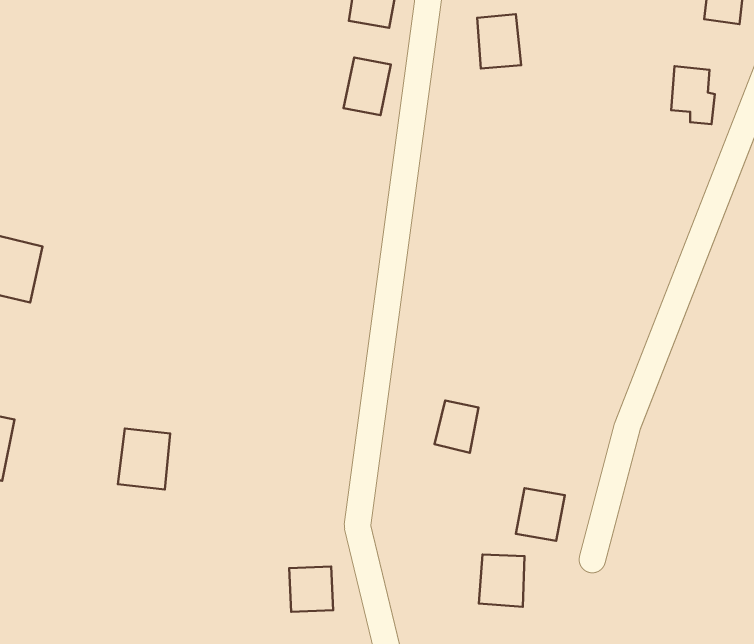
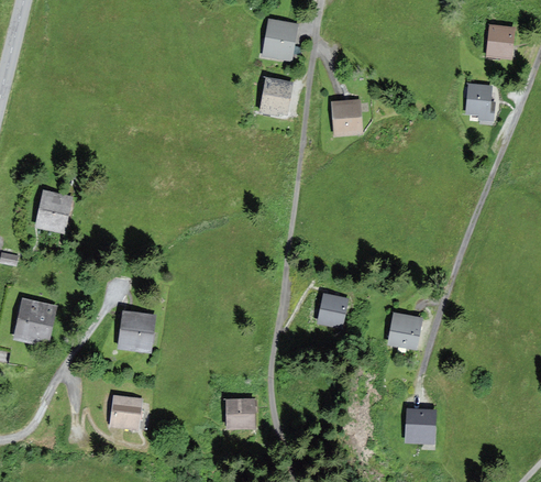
building: [477,14,521,69] -> [332,100,360,134]
building: [516,488,565,541] -> [389,314,420,347]
building: [479,554,525,607] -> [405,409,433,442]
building: none -> [110,395,140,427]

